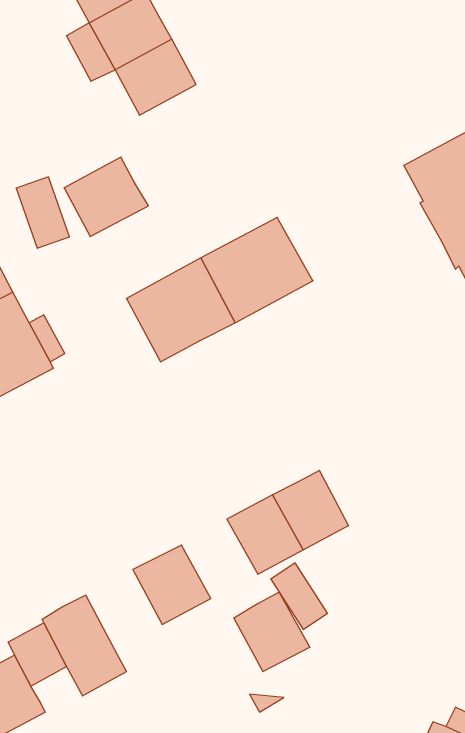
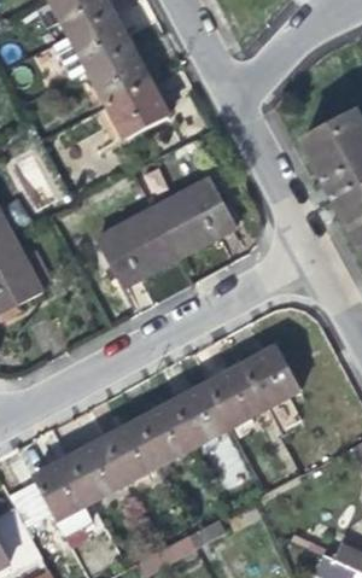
building: [64,157,148,237] -> [106,78,169,138]
building: none -> [240,346,300,407]
building: none -> [66,439,123,500]
building: [234,592,310,672] -> [138,402,194,461]

